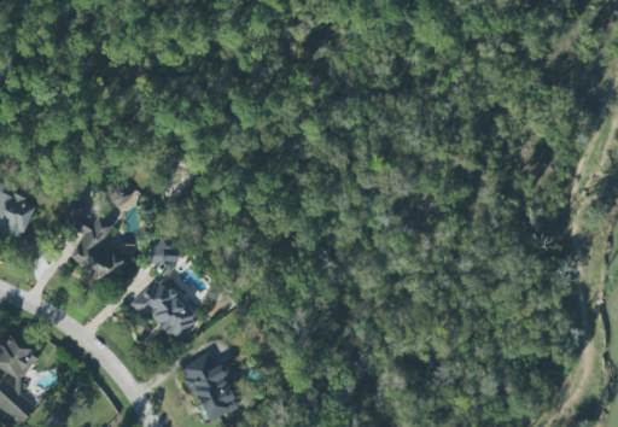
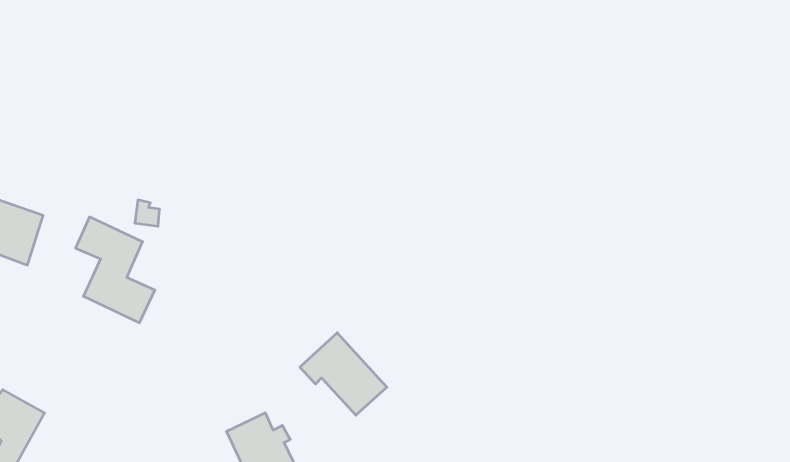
building: [145,238,182,274] -> none
building: [129,276,197,340] -> [300,333,387,415]

